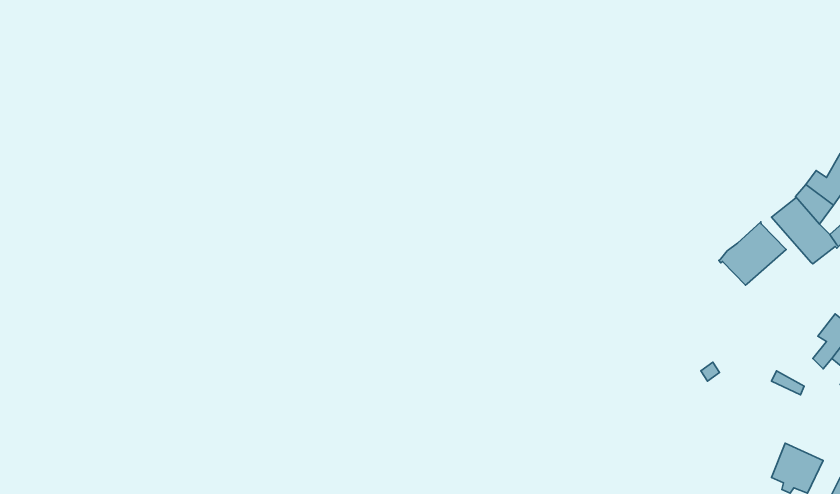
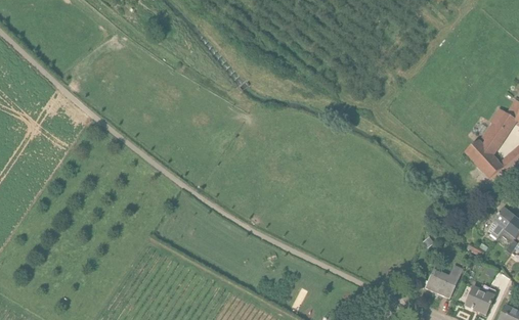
building: [719,222,786,285] -> none
building: none -> [426,264,463,295]

